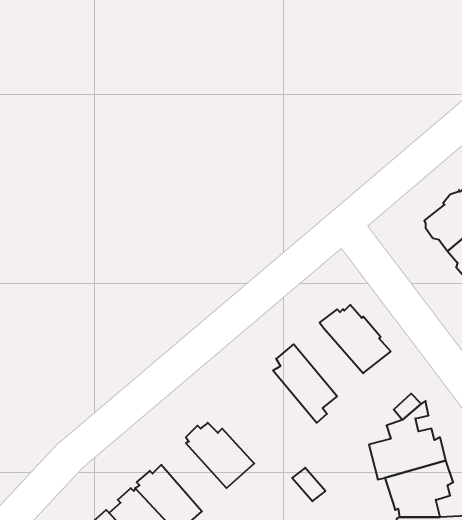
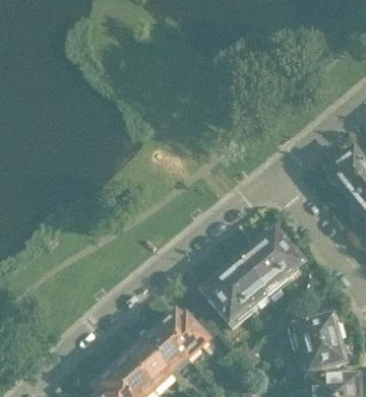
building: none -> [235,245,284,292]
building: none -> [201,270,251,326]
building: none -> [142,325,188,373]

